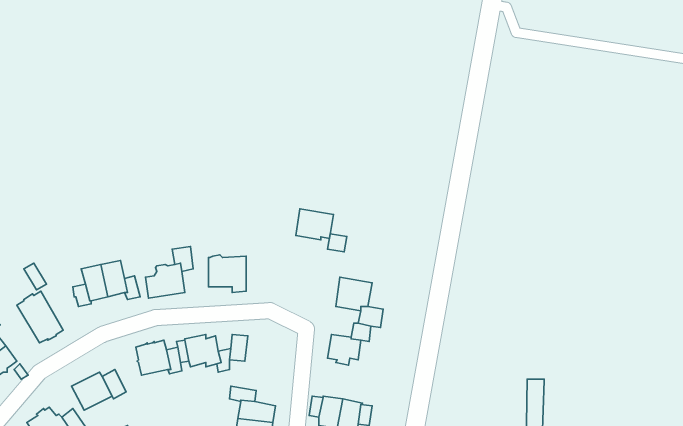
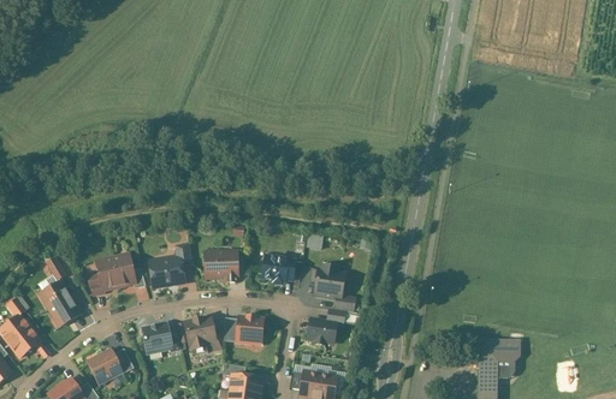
building: [296,209,334,240] -> [262,255,295,281]
building: none -> [236,316,262,344]
building: none -> [479,340,520,358]

